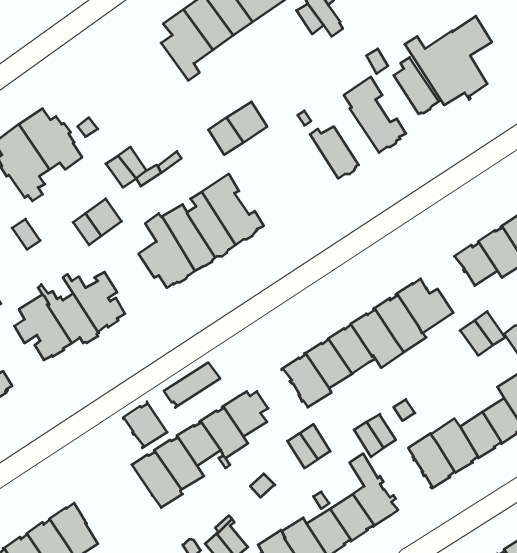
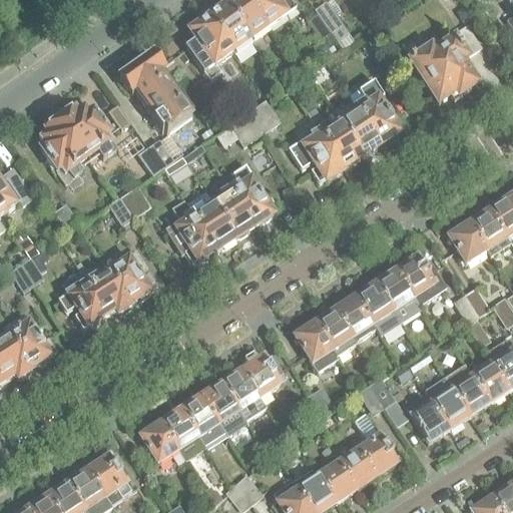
building: none -> [120,53,192,136]
building: [394,57,439,114] -> [341,104,381,154]
building: none -> [304,127,345,181]
building: [164,363,220,408] -> none
building: [123,402,167,448] -> [140,421,179,462]

